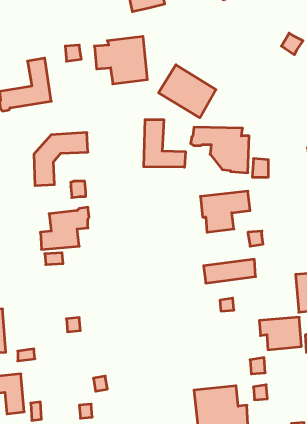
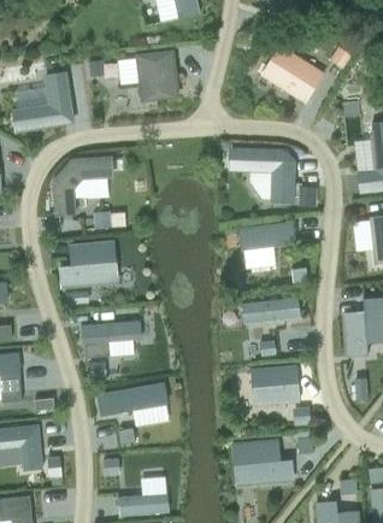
building: [159,65,216,118] -> [260,43,324,102]
building: [144,120,185,167] -> none
building: none -> [81,319,141,357]
building: [259,317,301,350] -> [252,366,299,402]
building: none -> [96,382,167,415]

